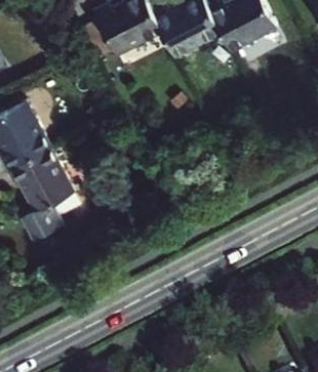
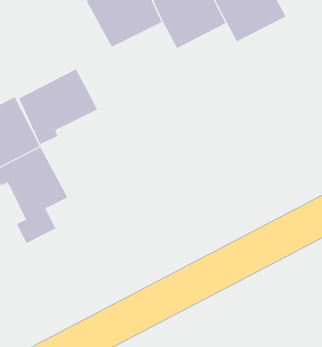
building: none -> [18,68,98,145]

